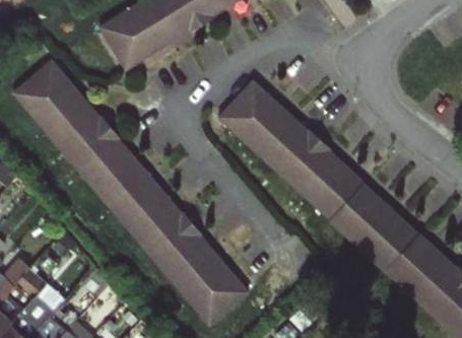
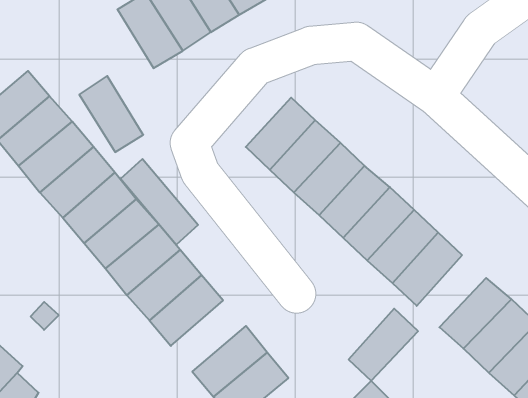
building: [98,12,147,70] -> [79,76,143,152]
building: none -> [120,159,198,245]
building: [347,199,400,254] -> [349,309,418,381]
building: [160,233,217,287] -> none

